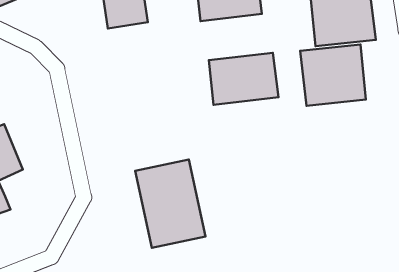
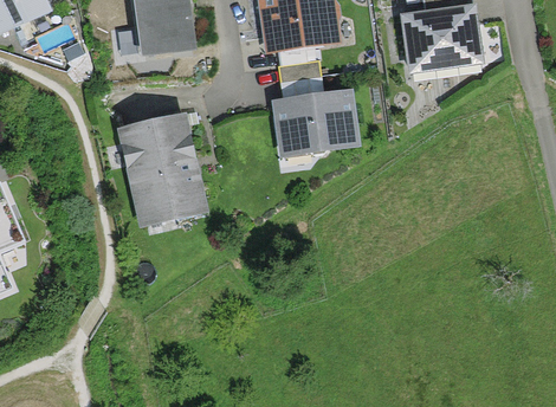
building: [300,44,366,106] -> none
building: [135,160,206,248] -> [117,115,207,227]

